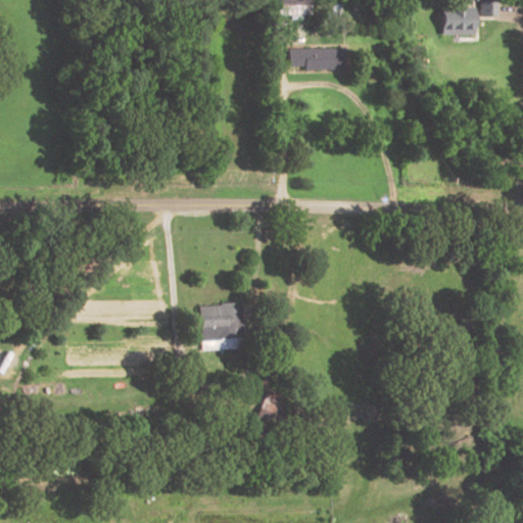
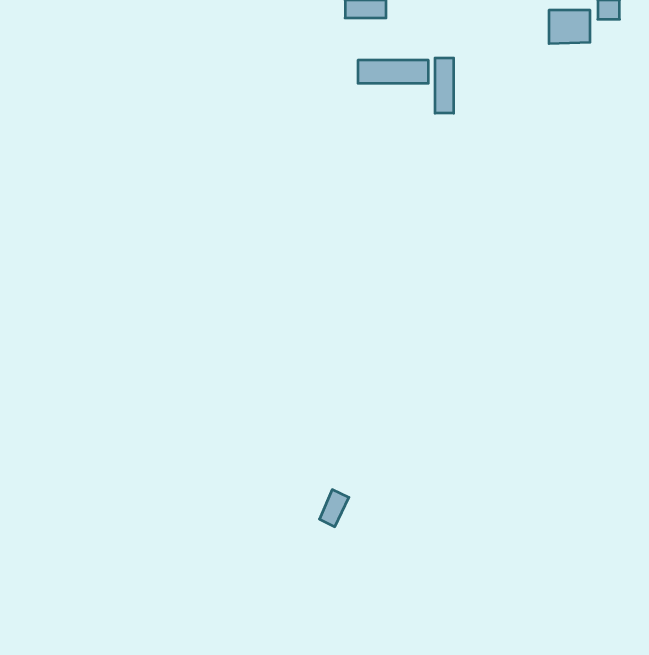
building: none -> [435,58,454,113]
building: [200,304,245,341] -> none

